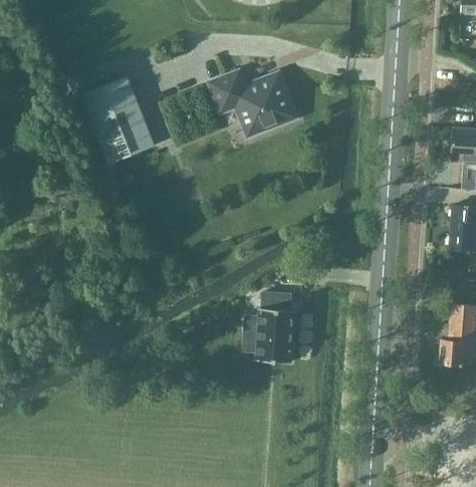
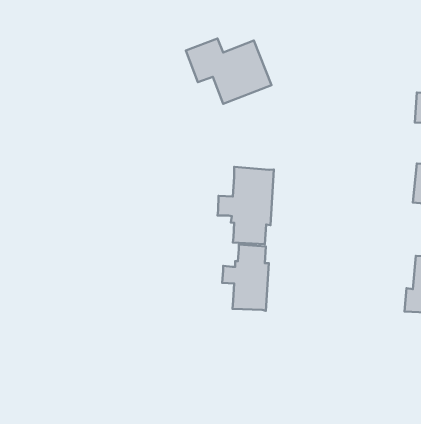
building: [79,76,155,167] -> none
building: none -> [217,167,274,244]

